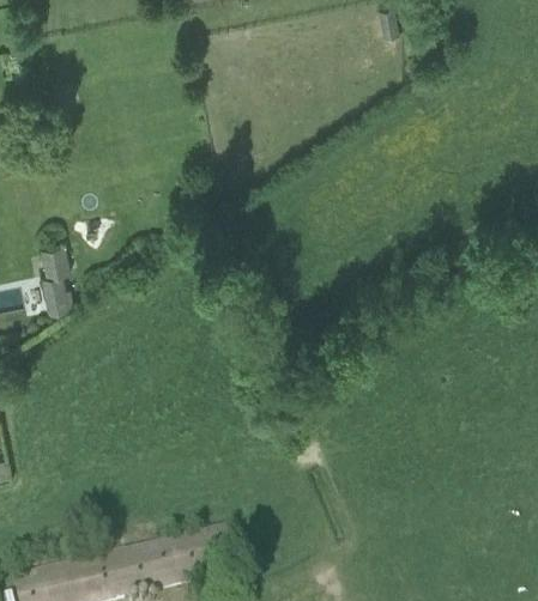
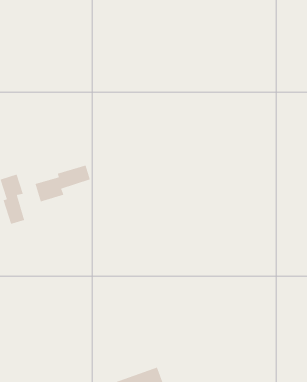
building: none -> [34,165,91,202]

